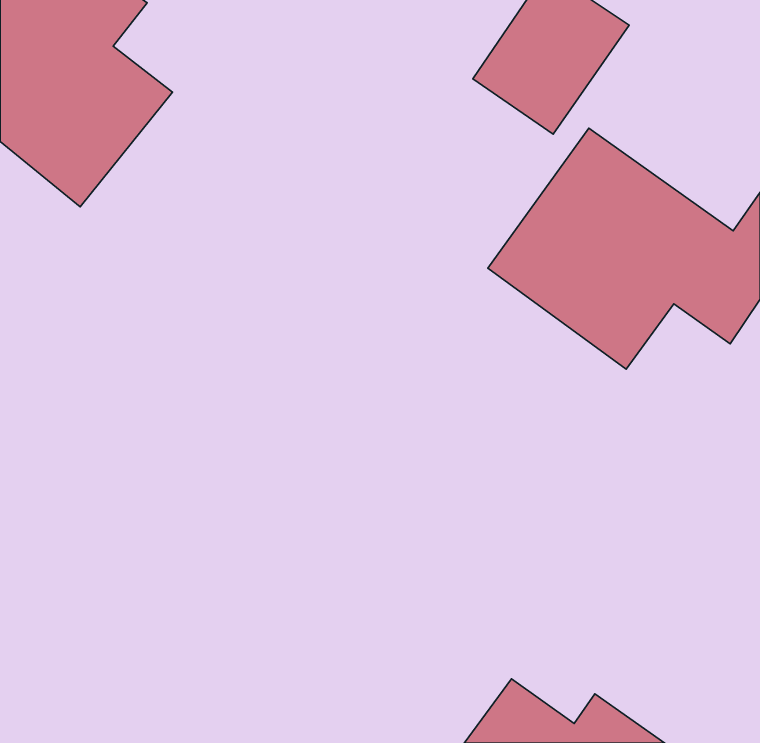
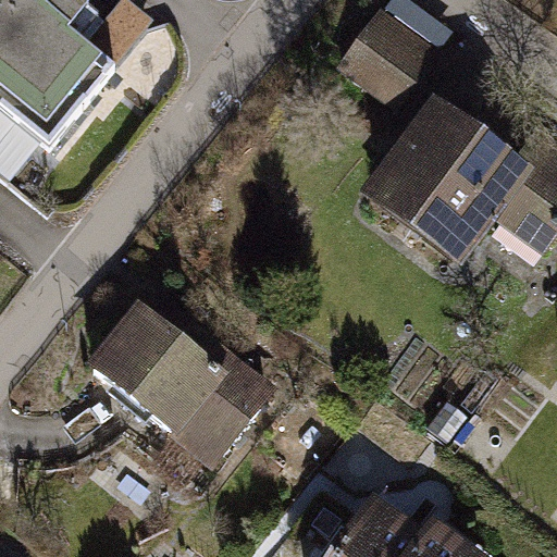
building: none -> [79,281,274,469]

